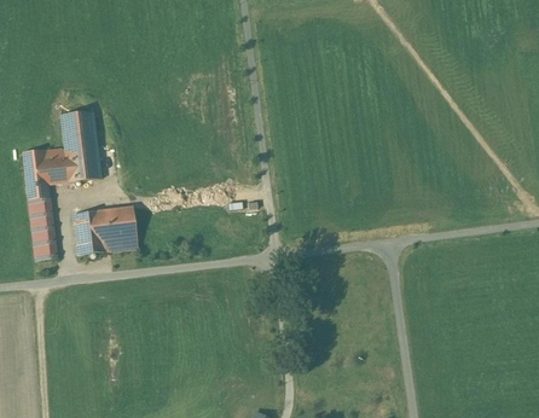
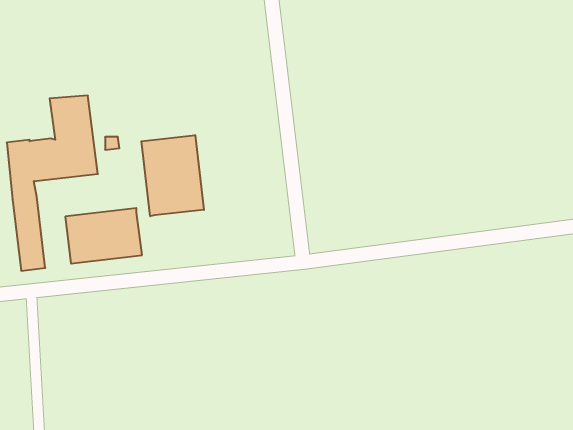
building: none -> [141,135,204,216]

